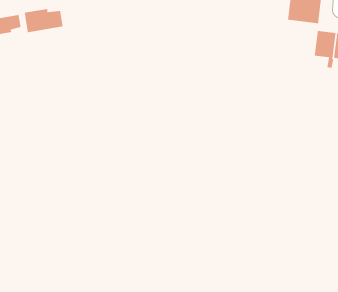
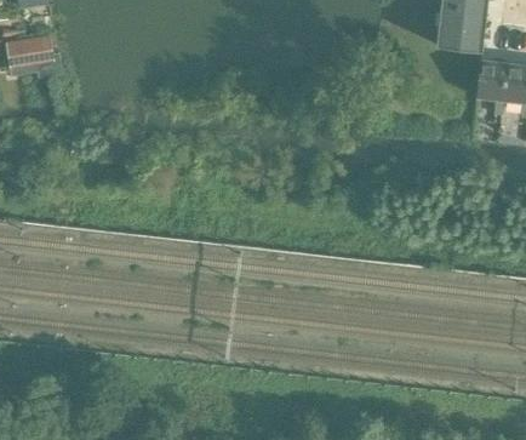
building: [24,8,64,33] -> none

